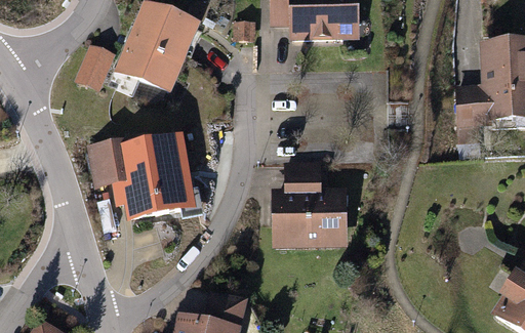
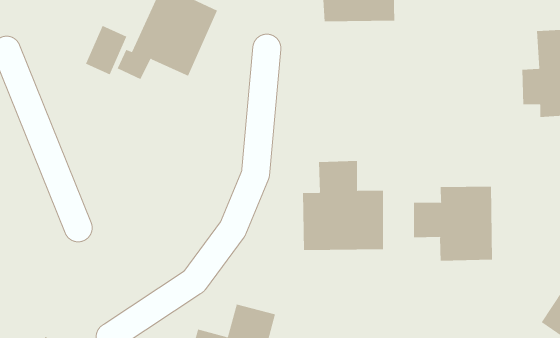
building: [91,137,193,215] -> none
building: none -> [413,186,492,262]

